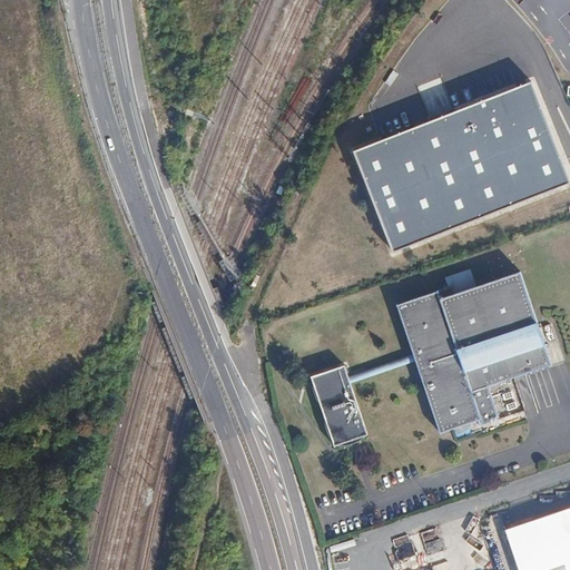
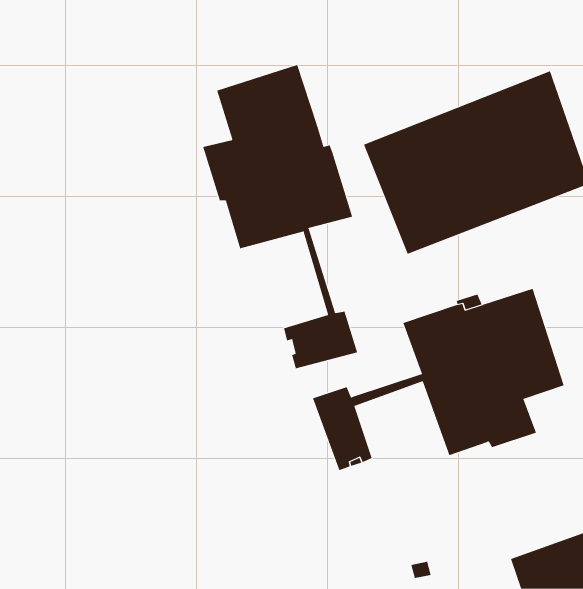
building: none -> [203,64,358,369]

